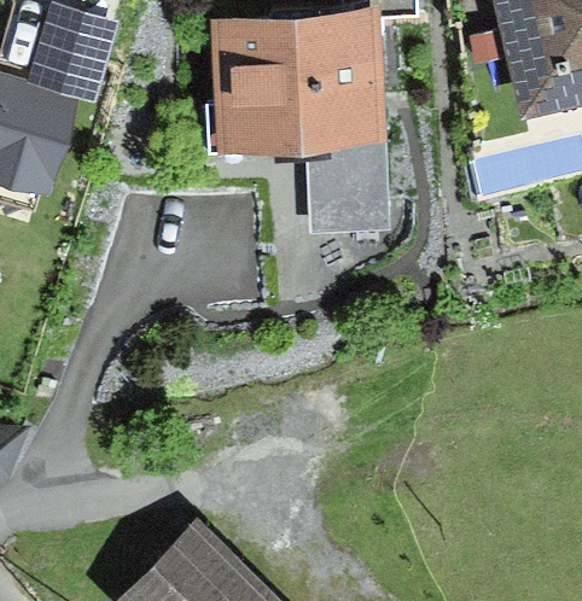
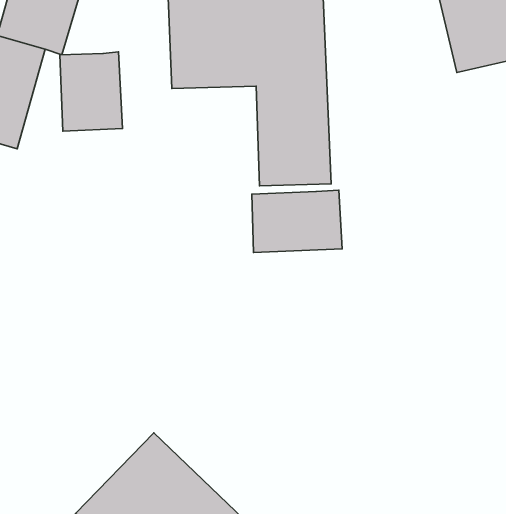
building: none -> [60,52,122,131]
building: none -> [252,190,342,252]

